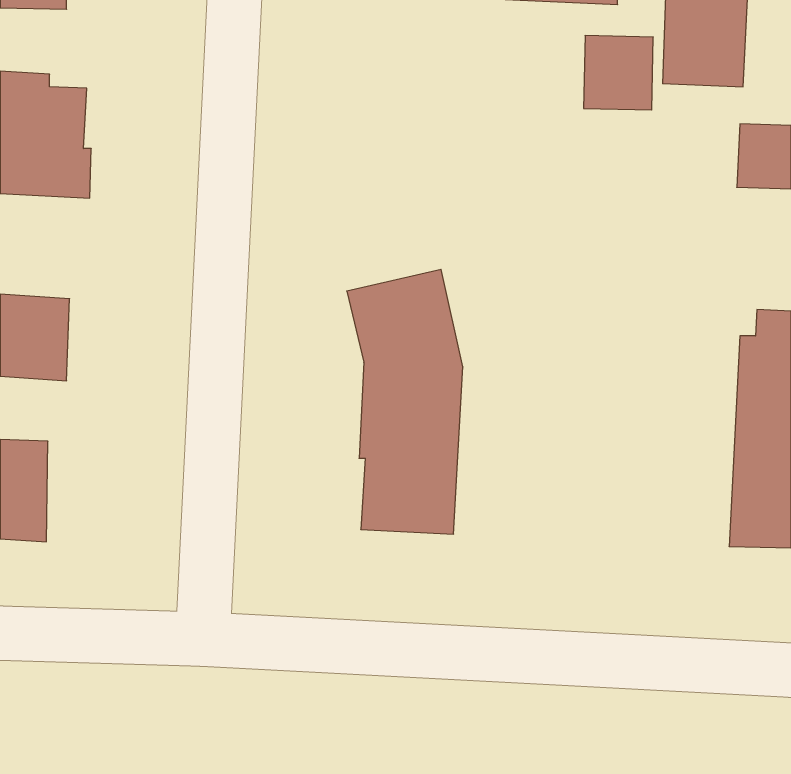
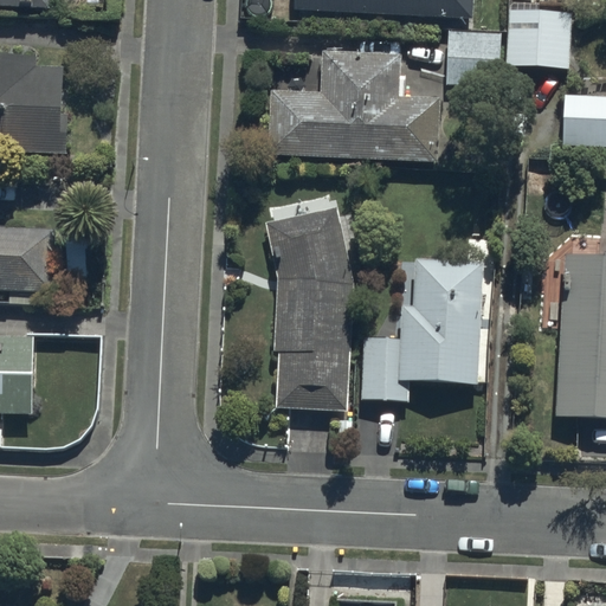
building: none -> [267,52,440,161]
building: none -> [361,260,483,400]

